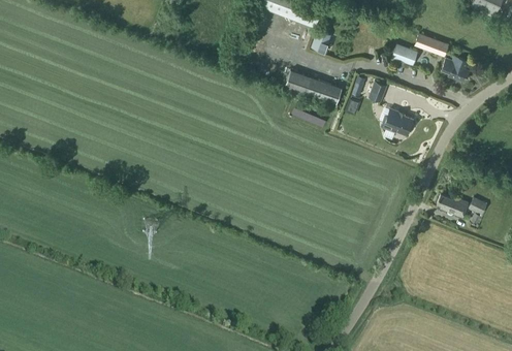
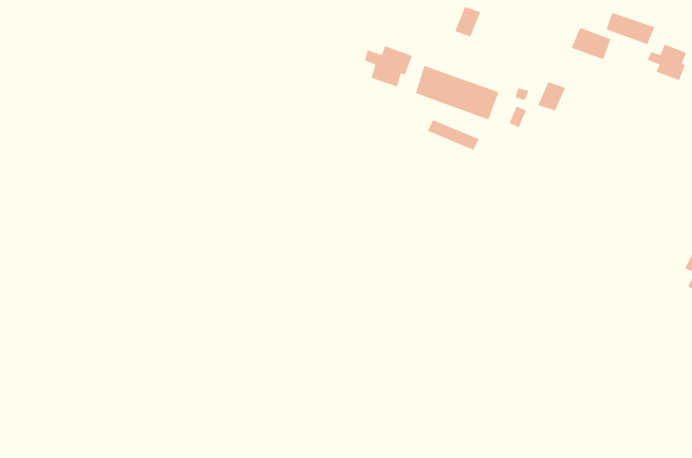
building: none -> [364,45,413,87]
building: [381,106,414,133] -> none
building: [438,193,469,216] -> none

